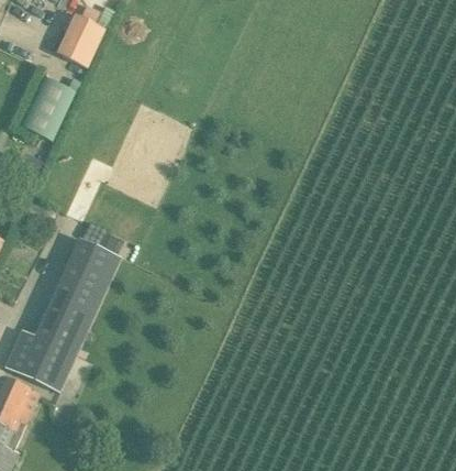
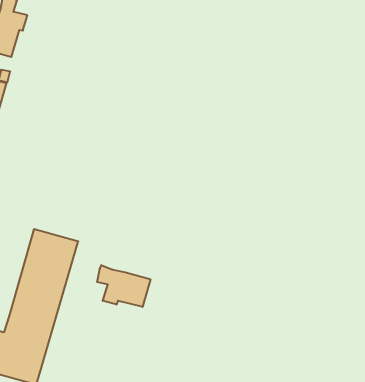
building: none -> [97,265,150,307]

